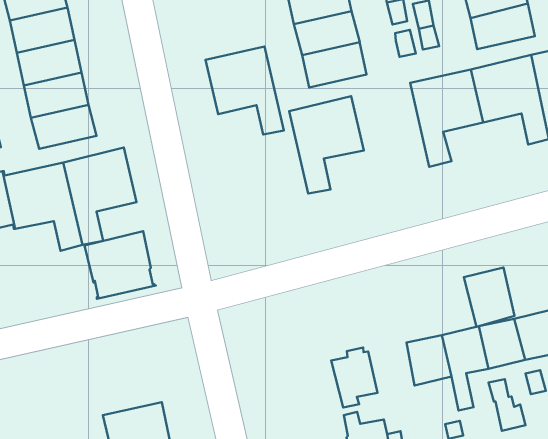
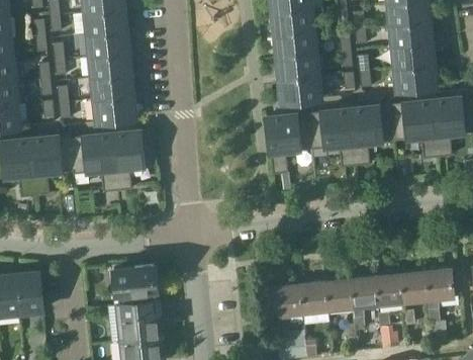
building: [206,47,284,135] -> [308,107,355,166]
building: [84,231,156,299] -> [113,263,158,304]
building: [464,267,514,327] -> none
building: none -> [299,280,327,311]

